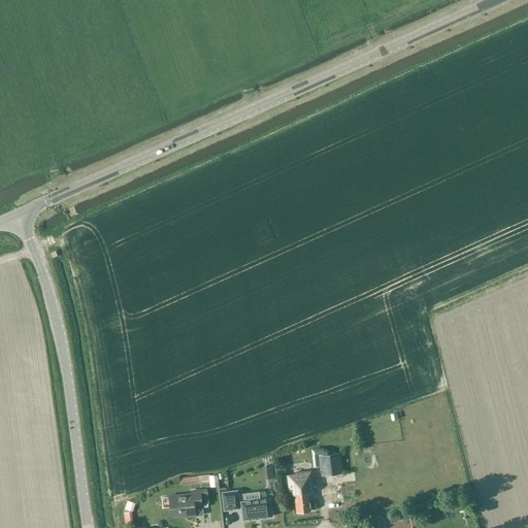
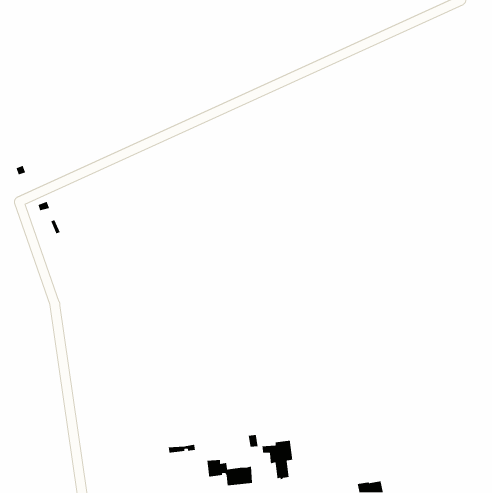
building: [319,453,341,475] -> none
building: [168,490,201,516] -> none

